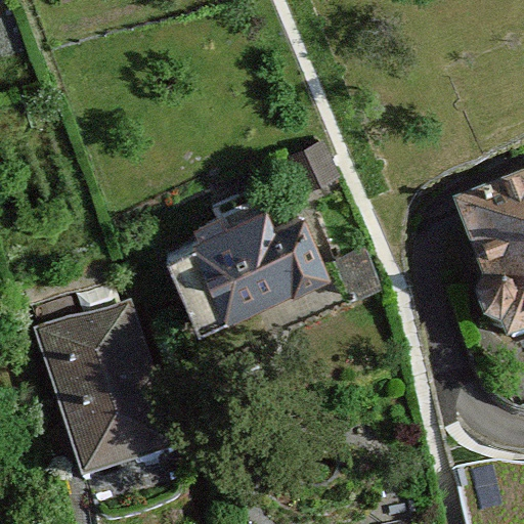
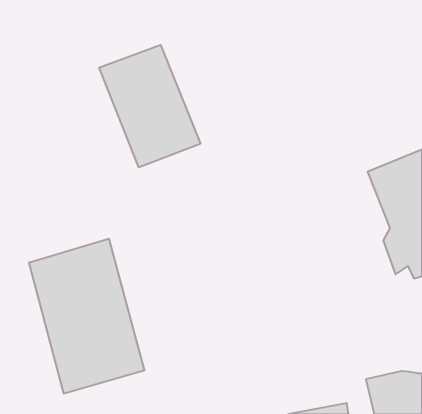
building: none -> [99,45,200,167]
building: [173,184,336,315] -> none

